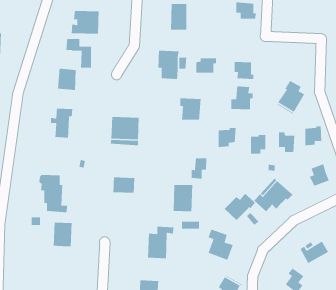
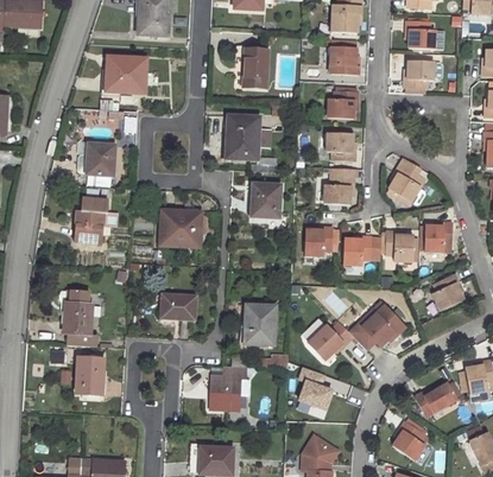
building: none -> [407,65,435,90]
building: [196,57,217,74] -> [329,94,359,116]
building: [191,158,207,180] -> none

